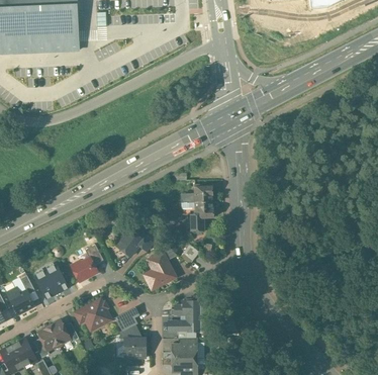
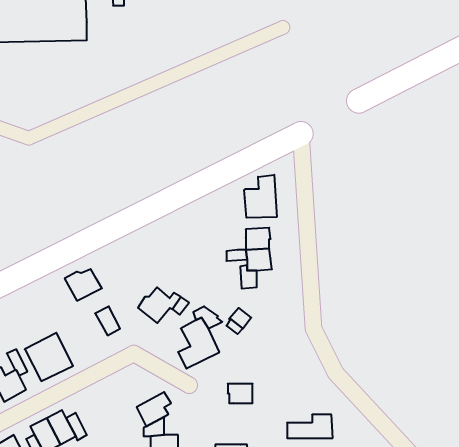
building: none -> [244,175,277,218]
building: [71,258,98,281] -> [65,269,102,301]
building: [75,299,111,330] -> none
building: [168,314,201,332] -> [287,415,333,438]

